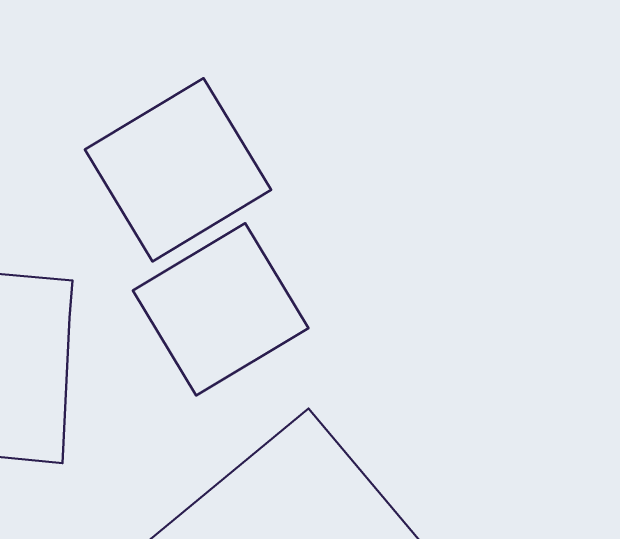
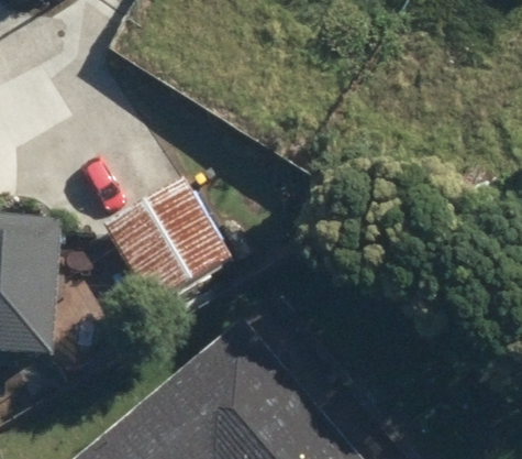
building: [85,78,271,261] -> none

